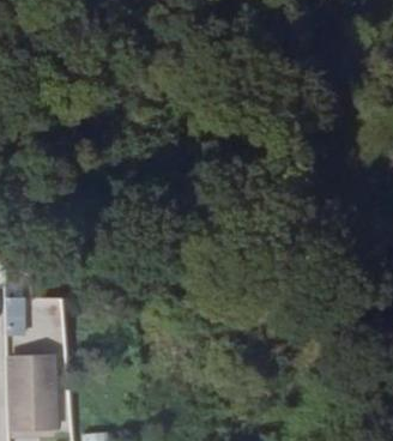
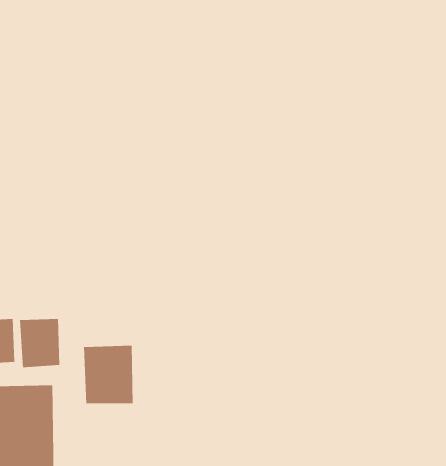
building: none -> [84,345,133,404]

